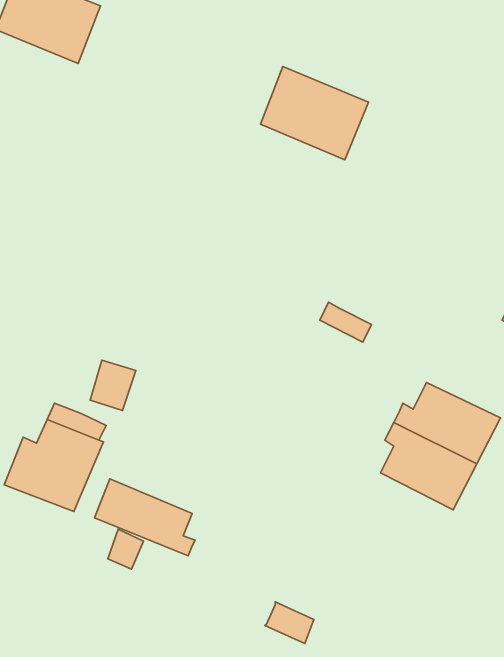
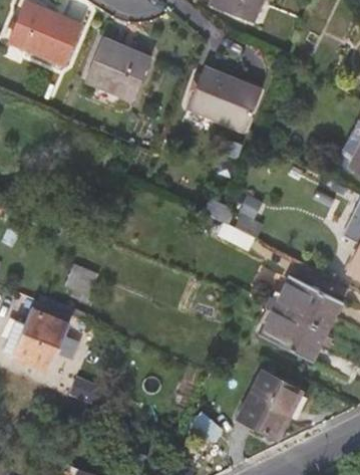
building: none -> [79,37,143,97]
building: [95,479,195,556] -> none
building: none -> [240,373,307,439]

